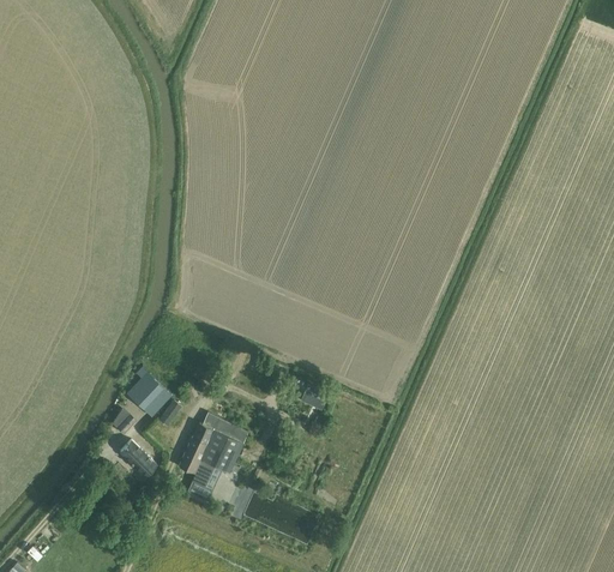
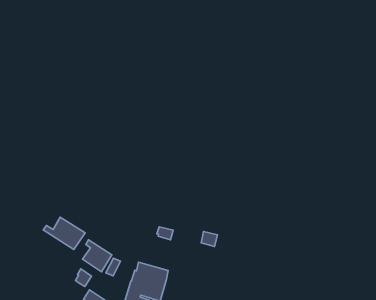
building: none -> [43,217,85,249]

